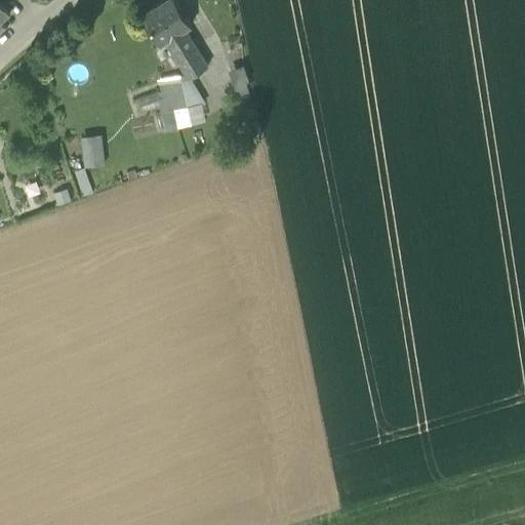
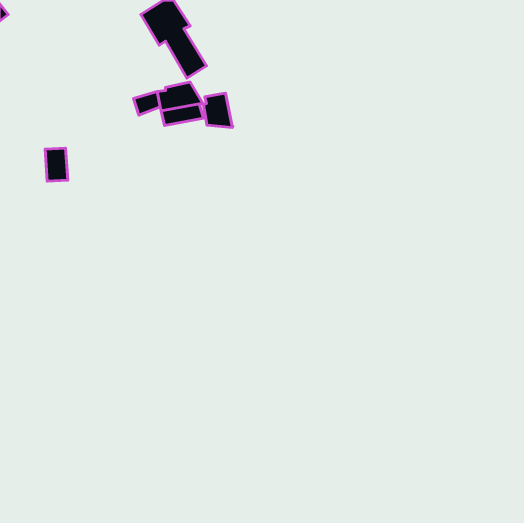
building: none -> [204,93,233,127]
building: [83,134,106,167] -> [45,148,68,181]

